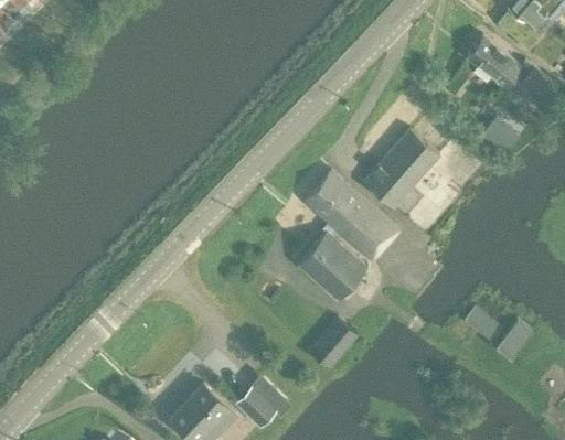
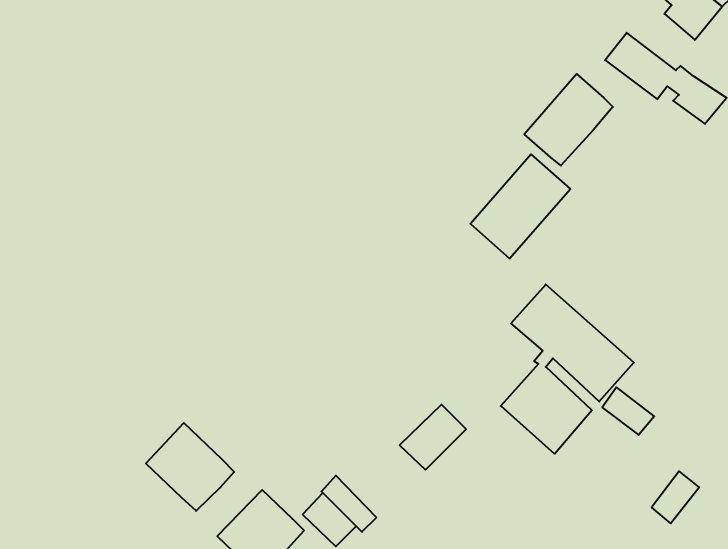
building: none -> [524,74,613,166]
building: [297,171,398,300] -> [501,284,634,454]
building: [495,319,532,358] -> [652,471,699,523]
building: none -> [146,423,234,511]

